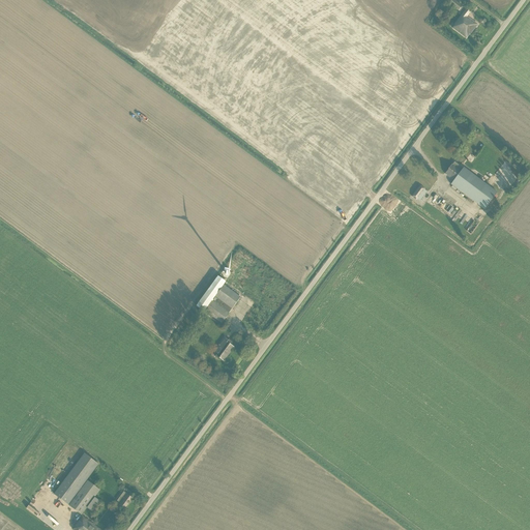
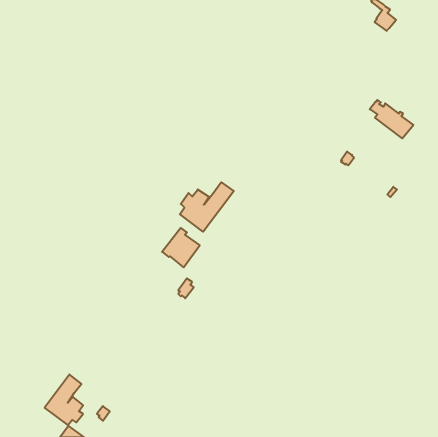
building: [445,161,498,208] -> [370,100,413,138]
building: none -> [180,182,234,232]

